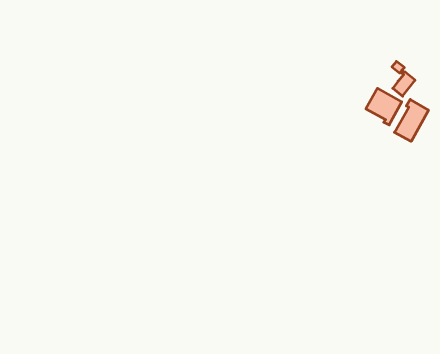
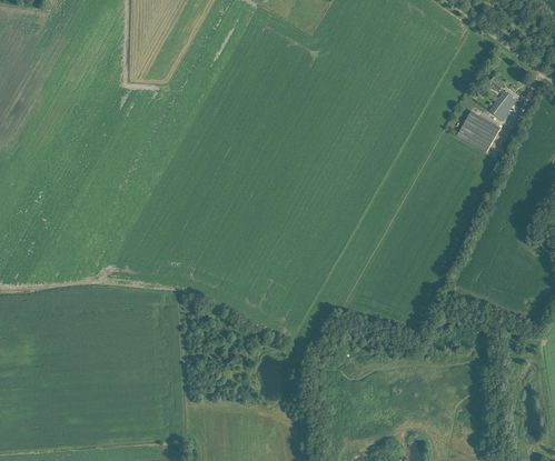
building: [394,99,428,141] -> none

